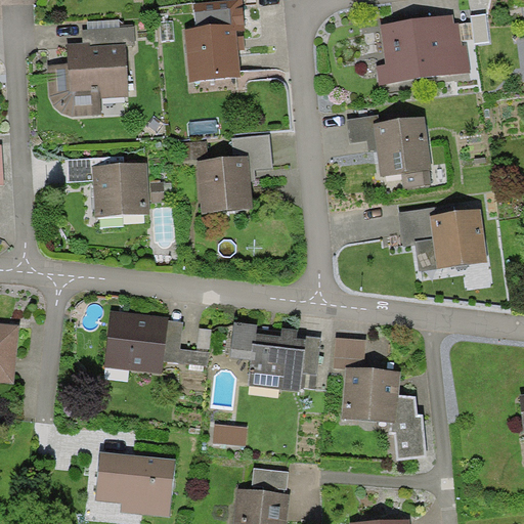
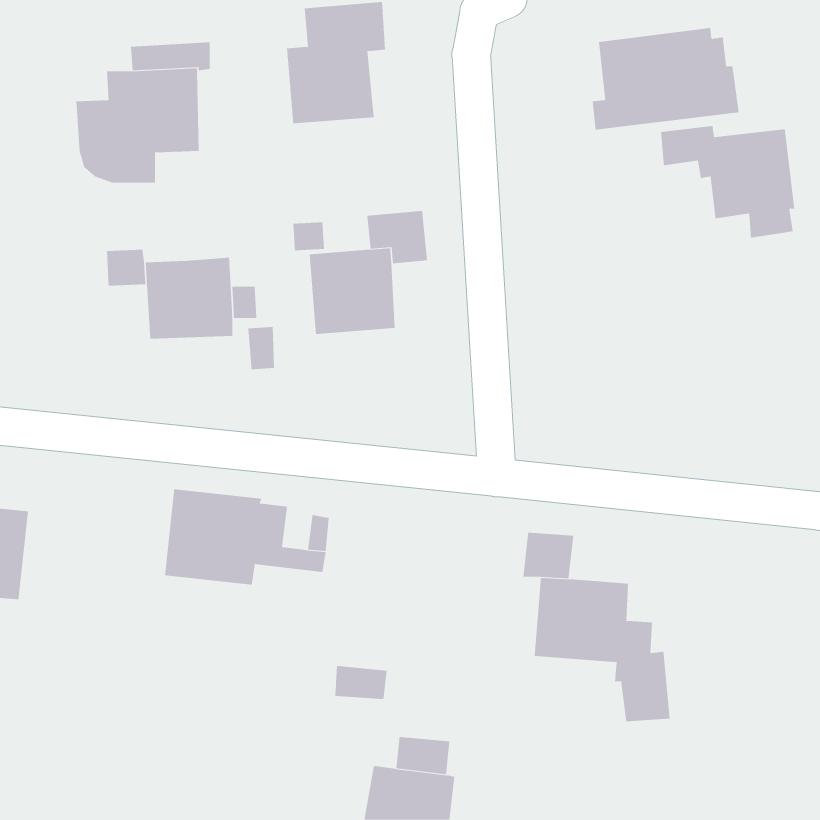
building: [345,117,431,188] -> [660,126,795,238]
building: [396,207,486,269] -> none
building: [231,322,320,390] -> none
building: [96,452,174,516] -> none

